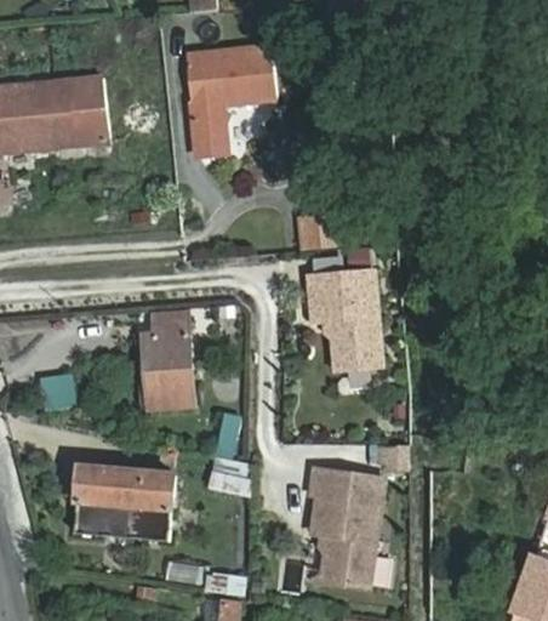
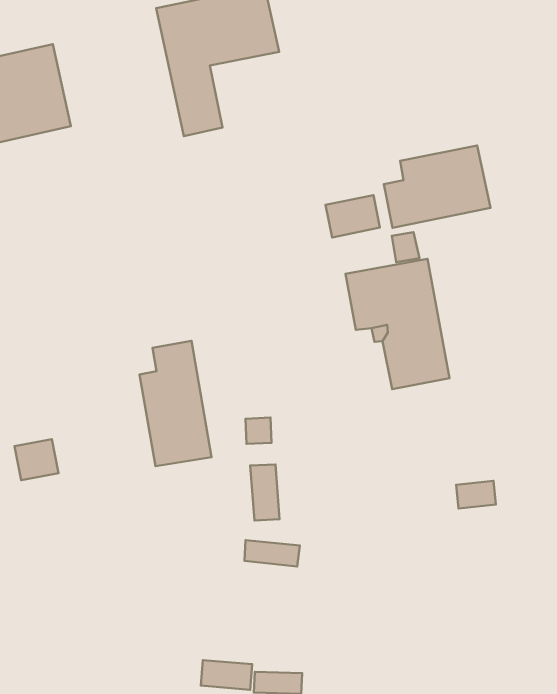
building: none -> [384,145,490,228]
building: [73,466,173,541] -> none
building: [309,468,382,587] -> none

